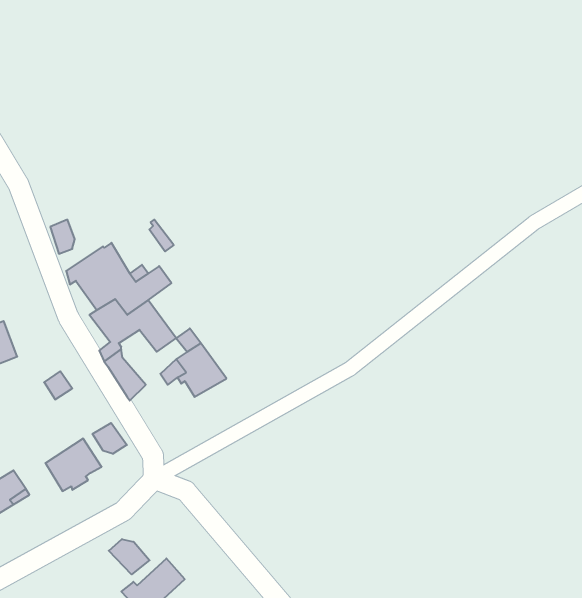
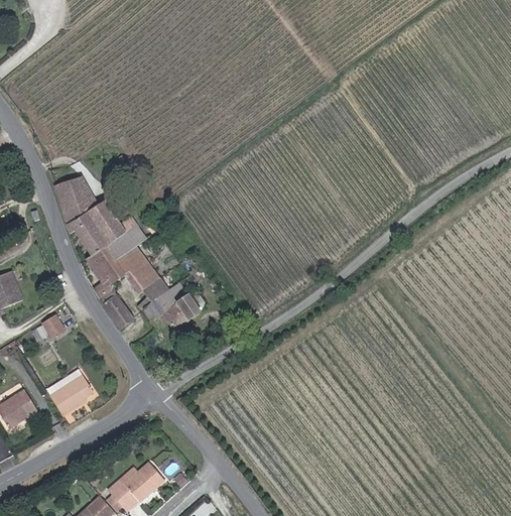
building: none -> [60,178,97,226]
building: none -> [137,281,166,313]
building: [93,423,127,454] -> none
building: [109,539,150,574] -> none

